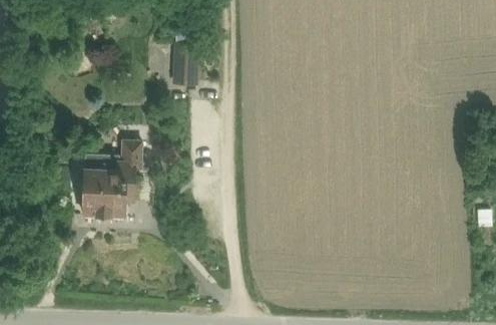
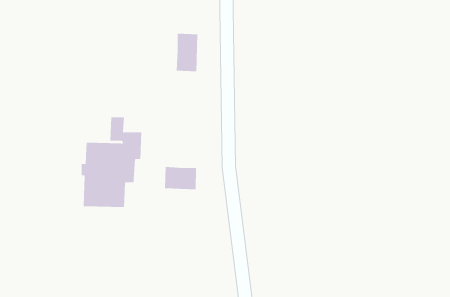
building: none -> [165,166,197,190]

